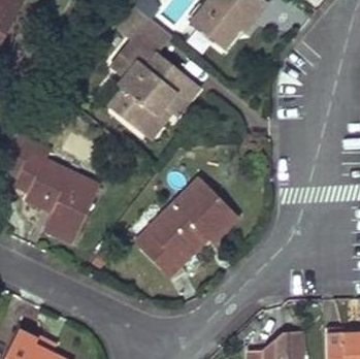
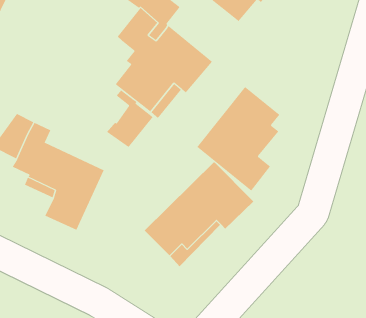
building: none -> [196,86,280,191]
building: none -> [106,90,153,148]

